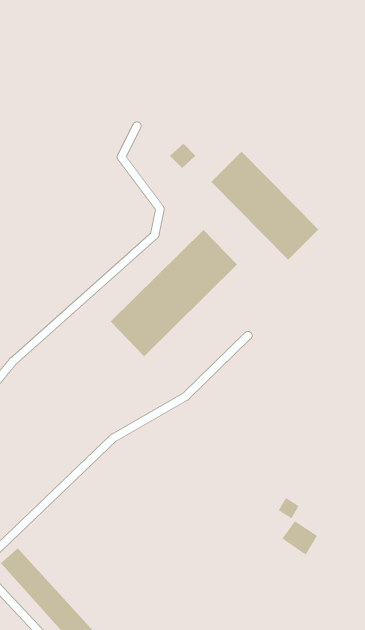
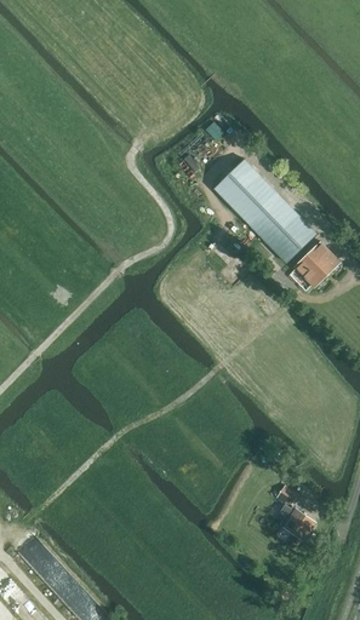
building: [110,229,238,357] -> none
building: none -> [293,241,339,287]

